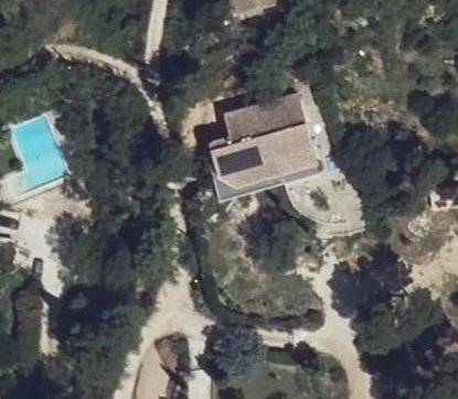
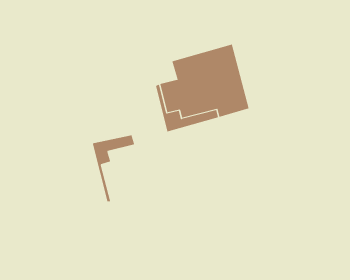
building: none -> [92,134,135,202]

